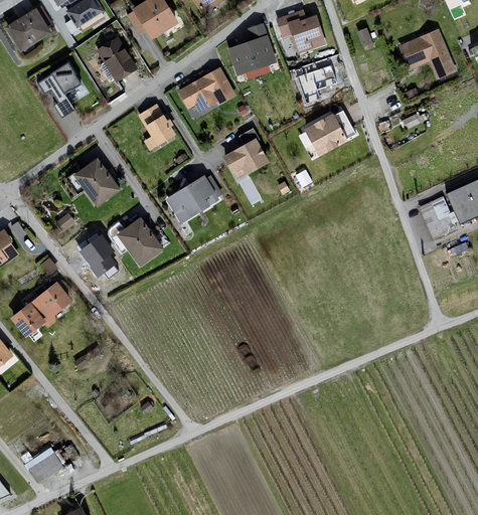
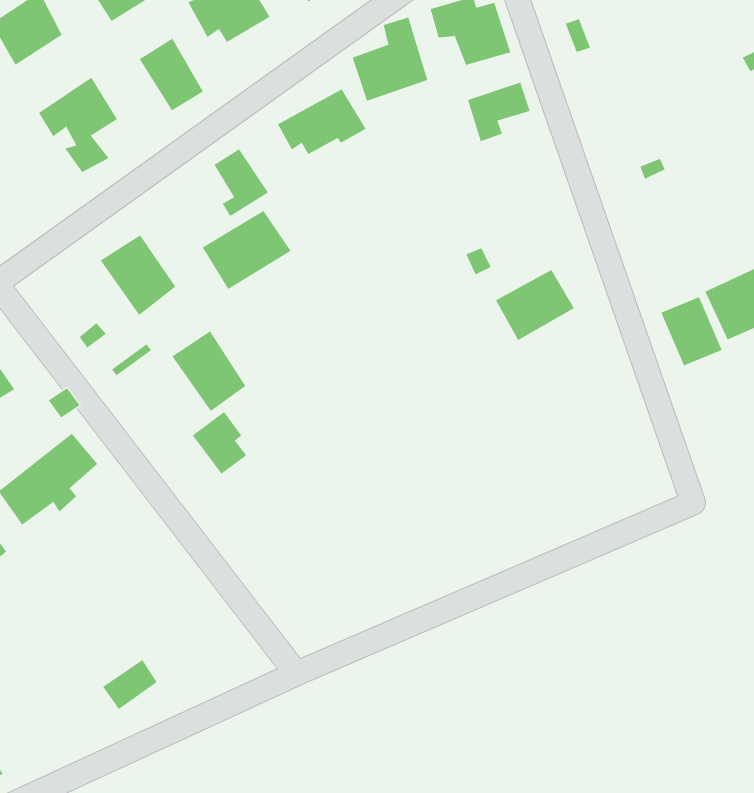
building: [397,27,456,77] -> none
building: [308,109,357,153] -> [495,269,575,341]
building: [226,138,270,172] -> none
building: [164,176,219,225] -> [202,210,291,290]
building: [83,234,117,274] -> [192,411,247,475]
building: [30,451,64,482] -> [102,659,157,710]

